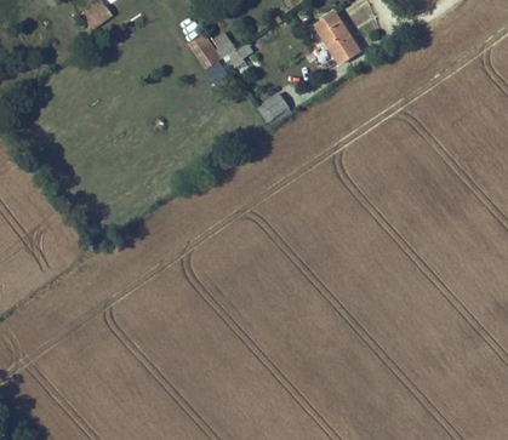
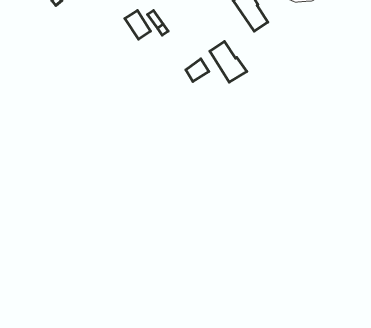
building: none -> [210,42,247,82]

